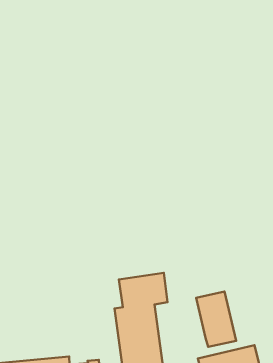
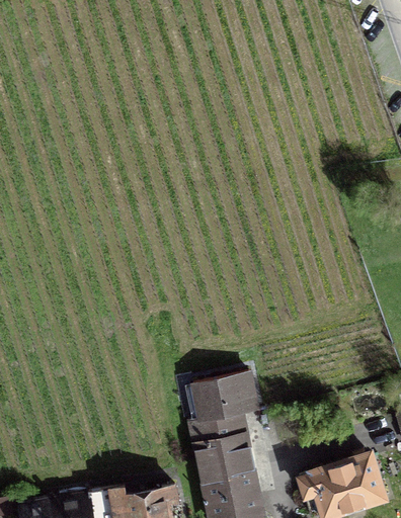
building: [196,291,236,347] -> none

